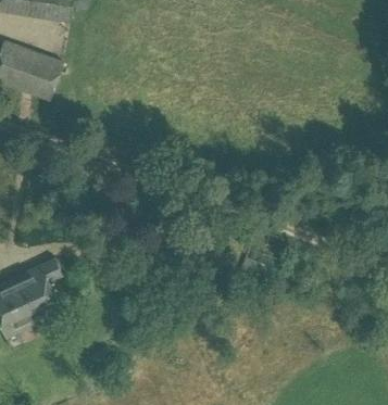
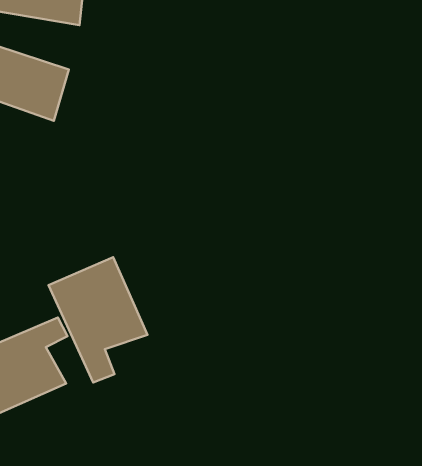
building: none -> [48,257,148,382]

